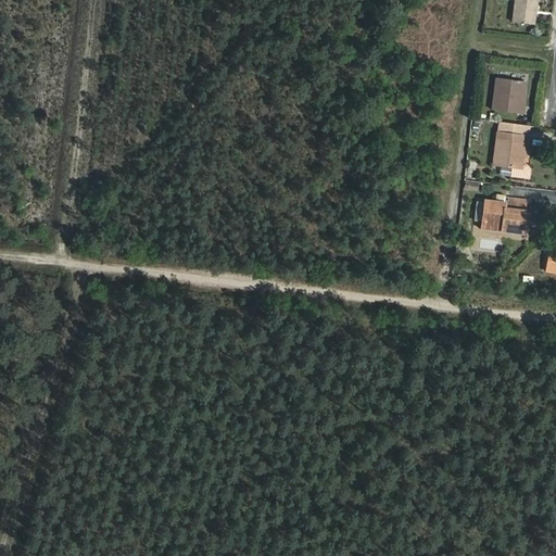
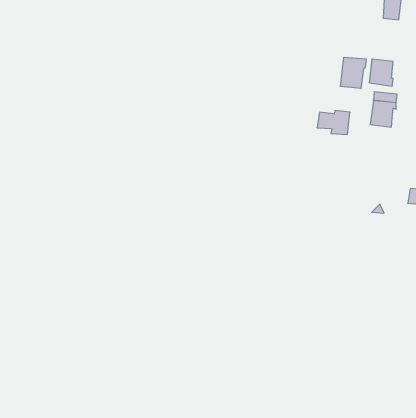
building: none -> [340,57,366,89]
building: [482,199,526,230] -> [317,111,350,134]

